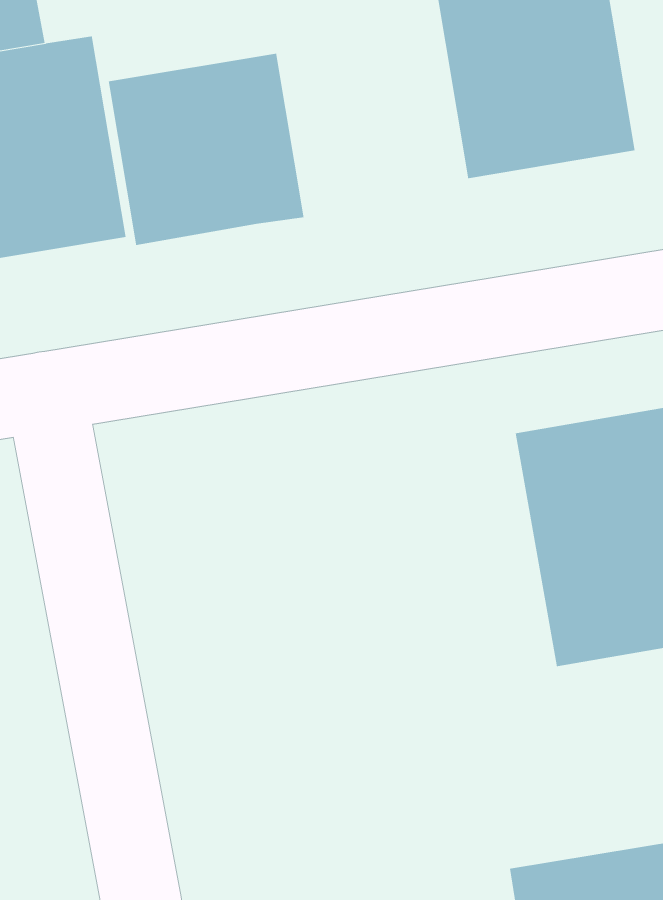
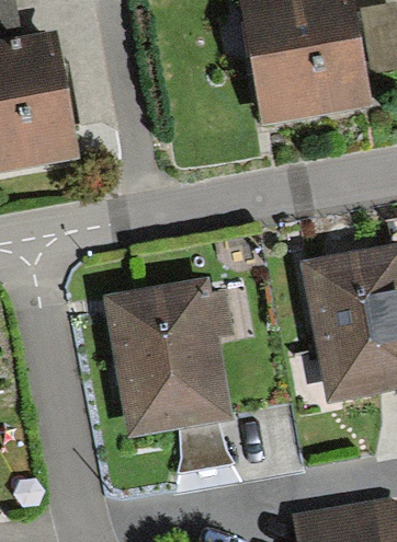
building: [108,53,304,246] -> none
building: none -> [106,282,228,436]

